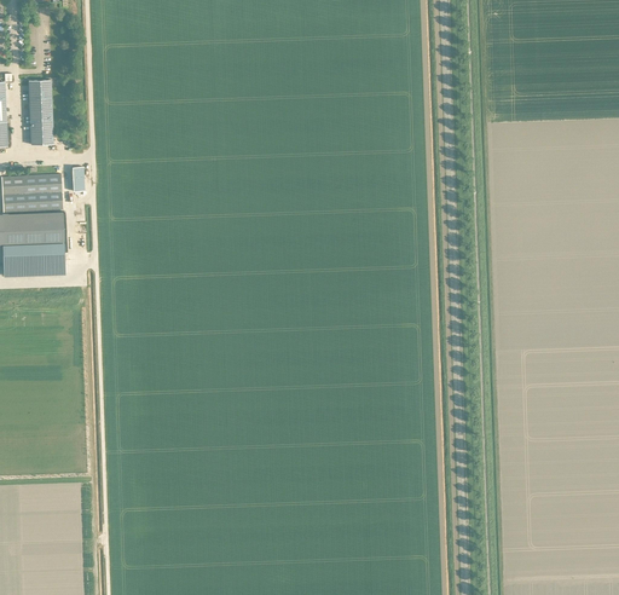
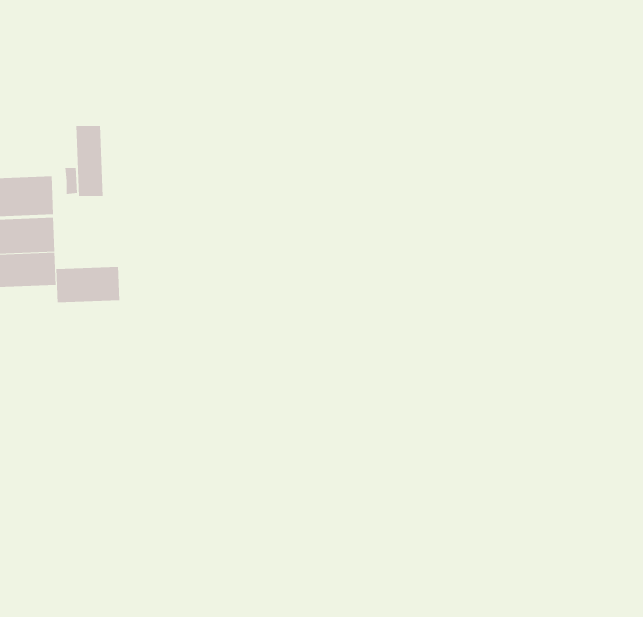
building: [28,80,53,144] -> [75,125,104,196]
building: none -> [56,266,120,303]

